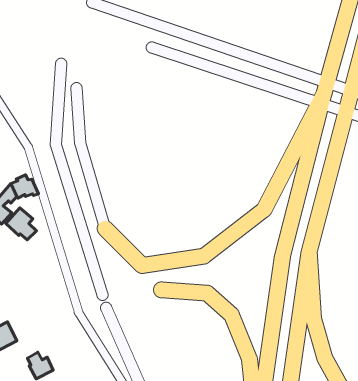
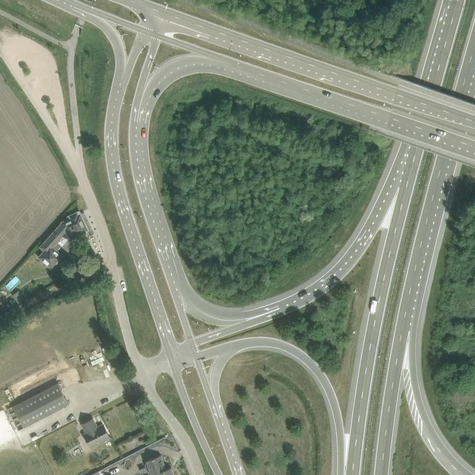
building: [6,208,36,240] -> none

